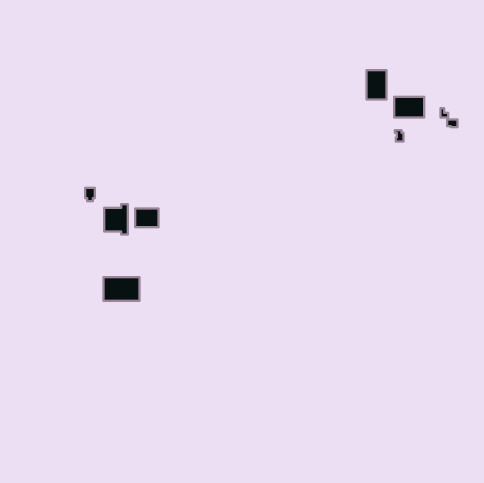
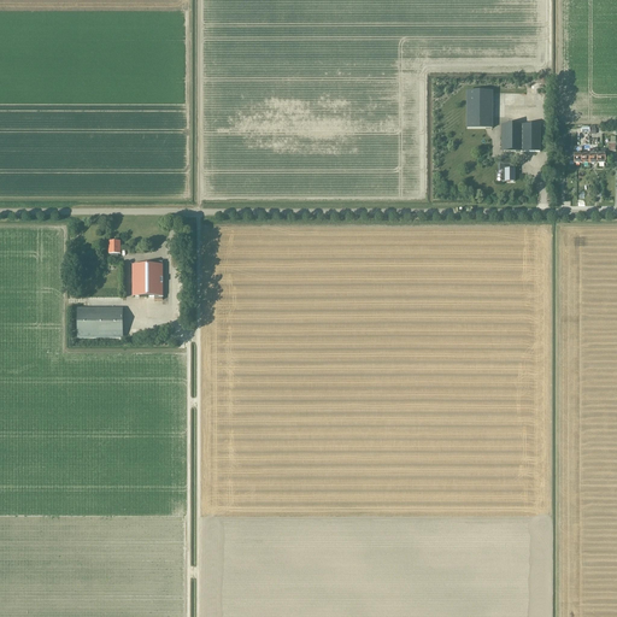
building: [135,208,158,227] -> none
building: [103,277,139,301] -> [77,306,123,336]

